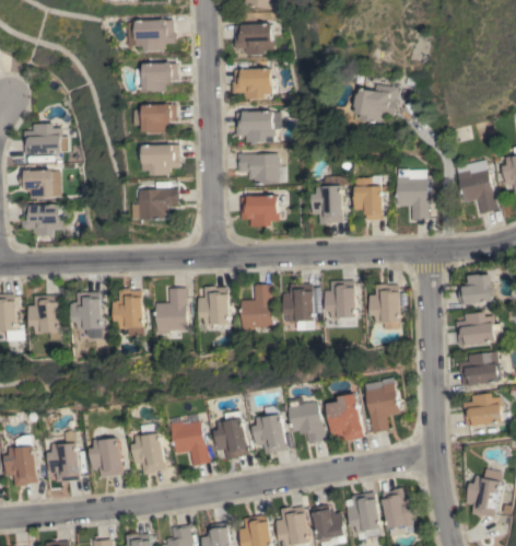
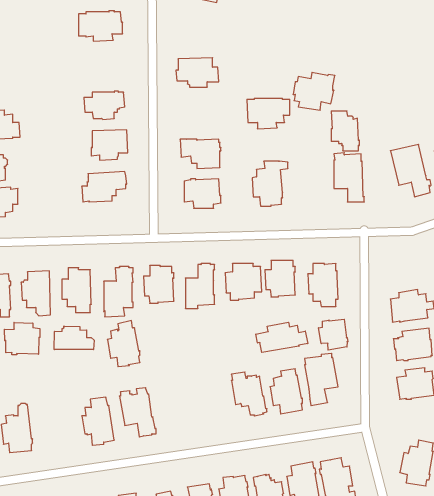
building: [234,24,272,55] -> none
building: [144,62,178,92] -> none
building: [235,112,280,143] -> [247,98,290,129]
building: [354,178,384,220] -> [331,111,359,151]
building: [459,275,495,305] -> none
building: none -> [319,319,348,350]
building: none -> [256,322,308,352]
building: none -> [4,322,40,355]
building: none -> [54,326,94,350]
building: [255,406,293,455] -> none
building: [216,411,250,460] -> [107,321,140,367]
building: [91,438,125,477] -> none

